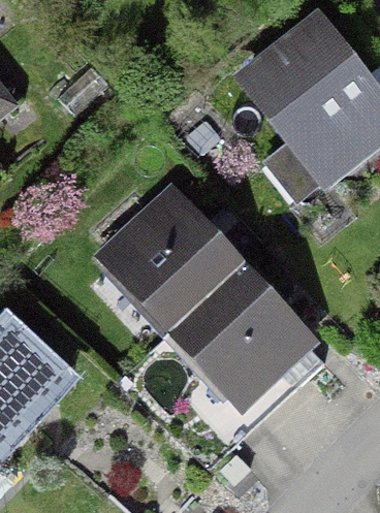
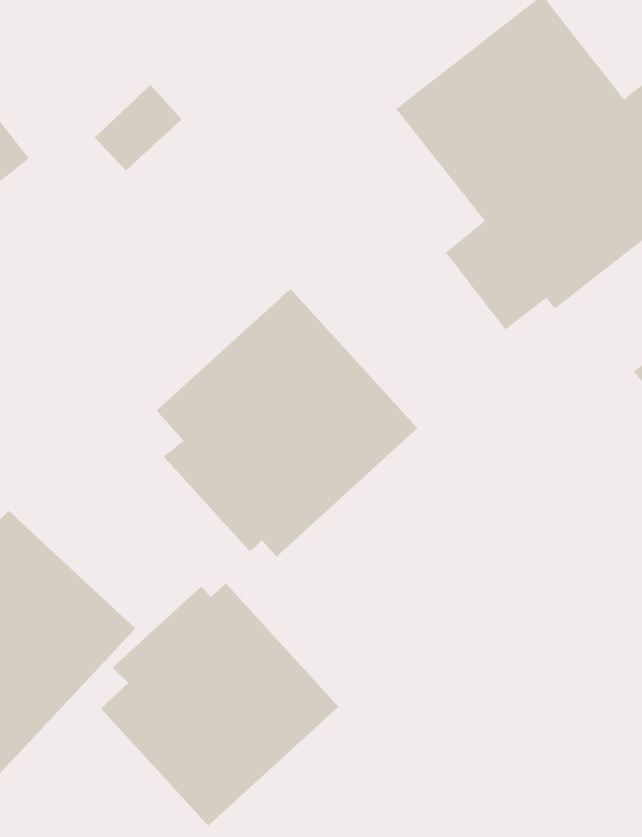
building: [155,261,320,413] -> none
building: none -> [100,582,339,826]

